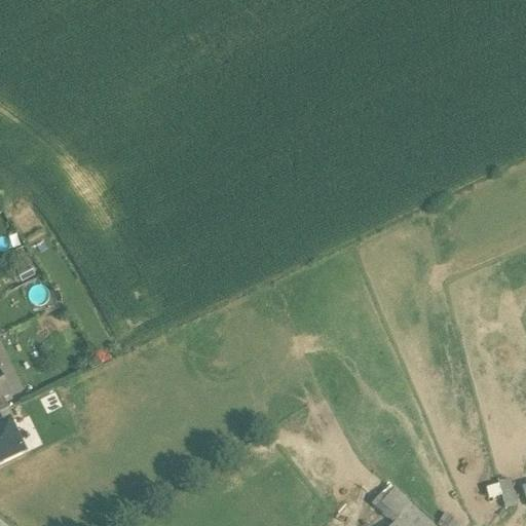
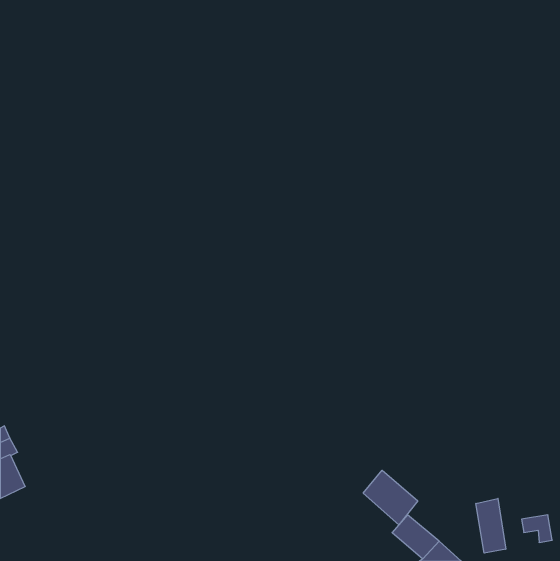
building: none -> [363,470,418,525]
building: none -> [476,498,506,553]

